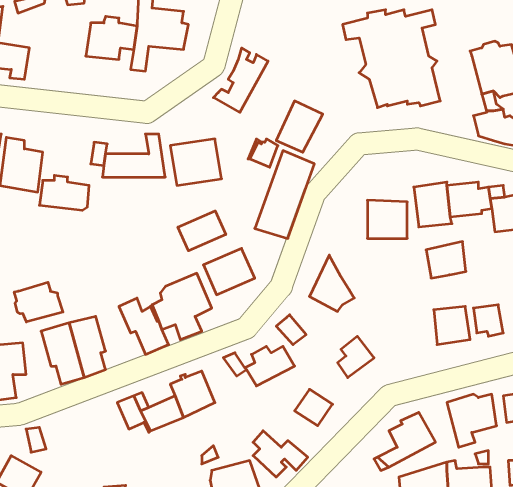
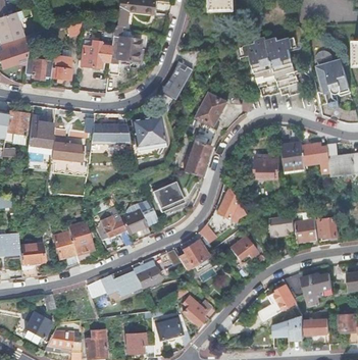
building: none -> [49,54,70,79]
building: [178,211,226,251] -> none
building: [426,242,466,278] -> [268,214,293,237]
building: [14,282,63,322] -> none

